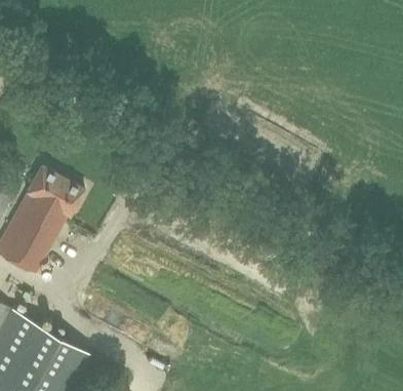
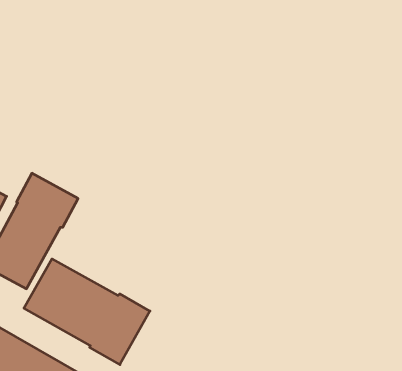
building: none -> [24,259,150,365]

